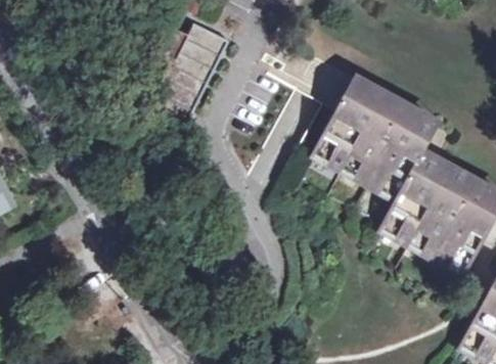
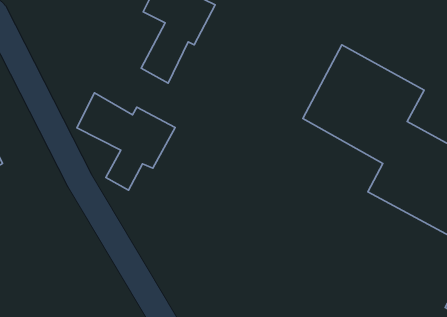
building: none -> [77,93,175,190]

